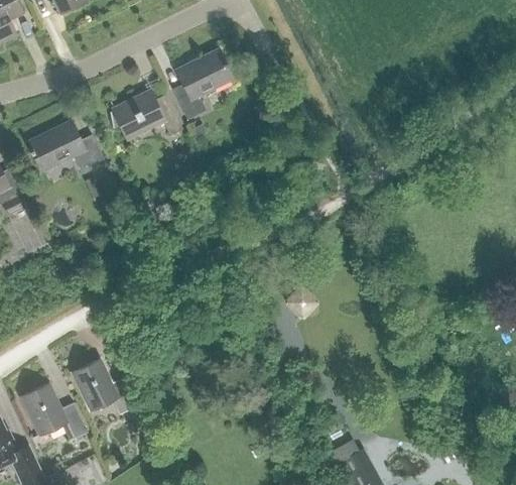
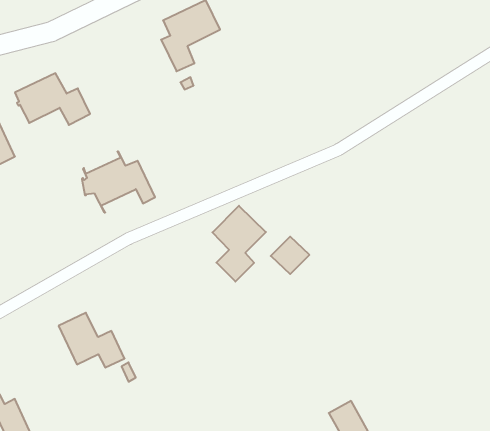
building: [109,85,181,145] -> [82,152,155,212]
building: none -> [212,206,266,282]
building: [20,384,87,439] -> none

